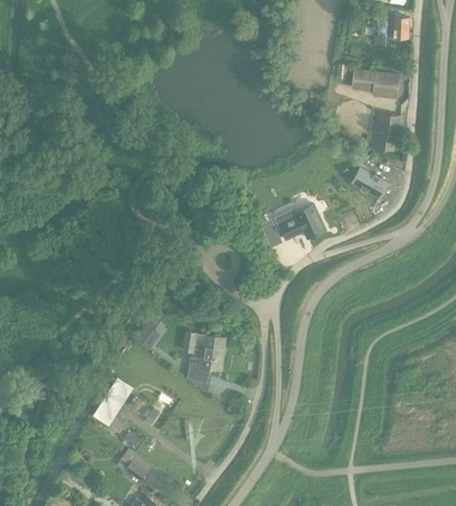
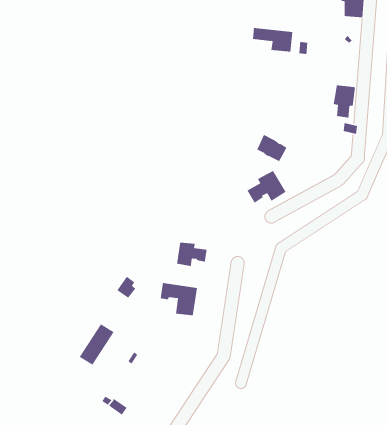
building: [352,70,397,97] -> [252,27,293,52]
building: [348,165,388,197] -> [254,134,289,162]
building: none -> [177,242,207,267]

